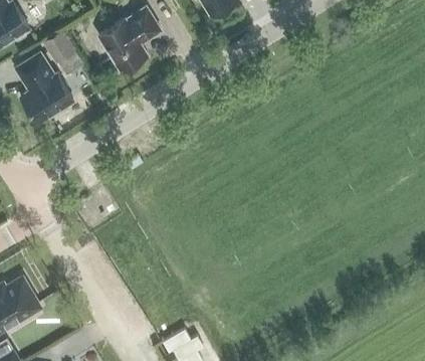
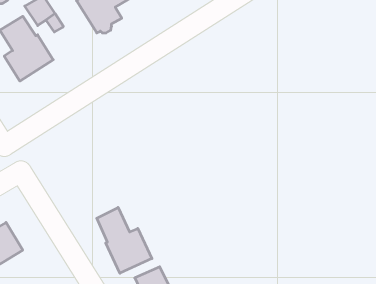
building: none -> [97,207,152,273]

